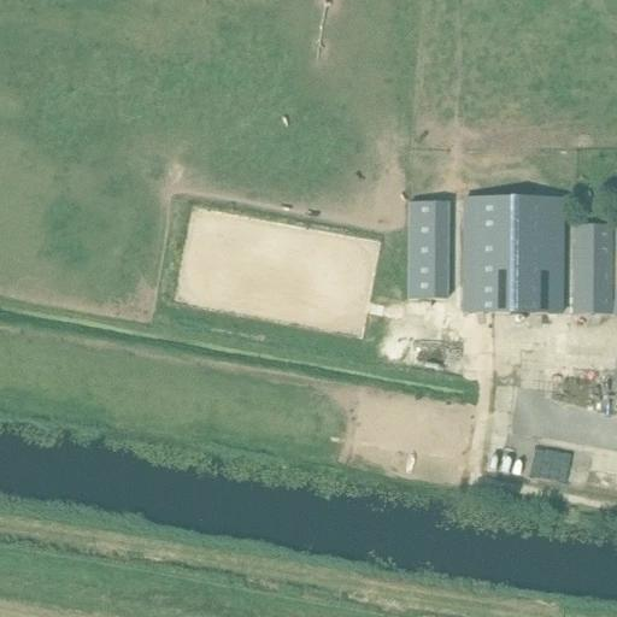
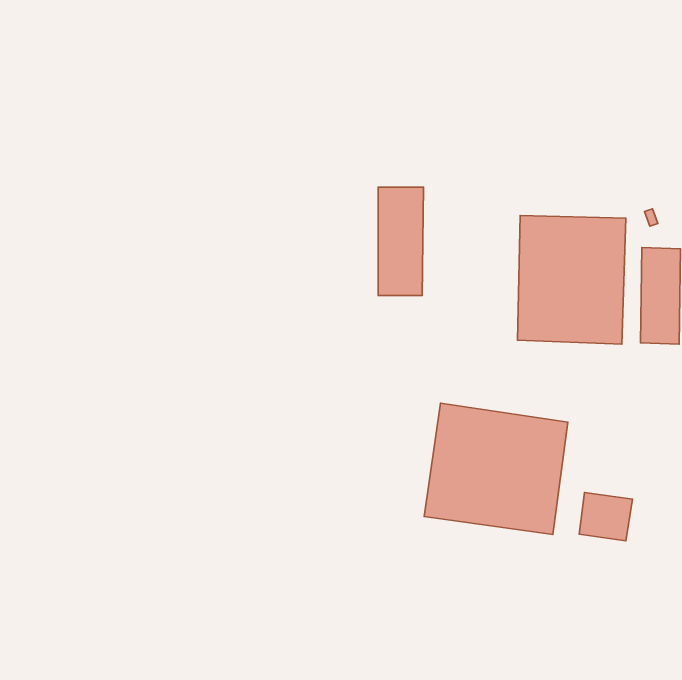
building: [407,201,448,299] -> [378,187,424,296]
building: none -> [424,403,568,534]

